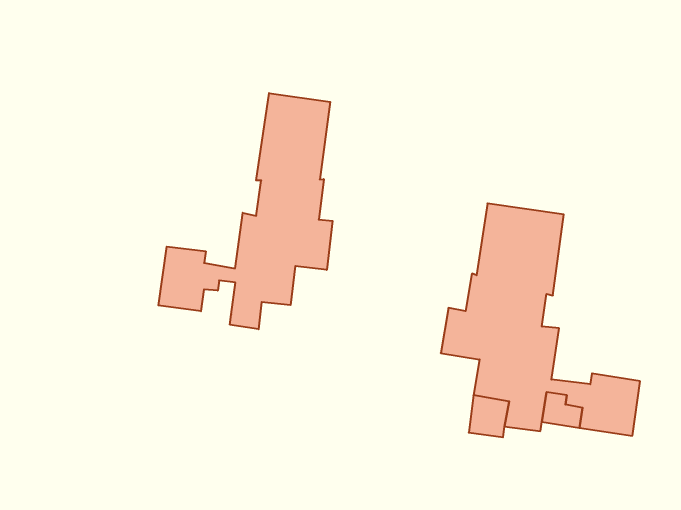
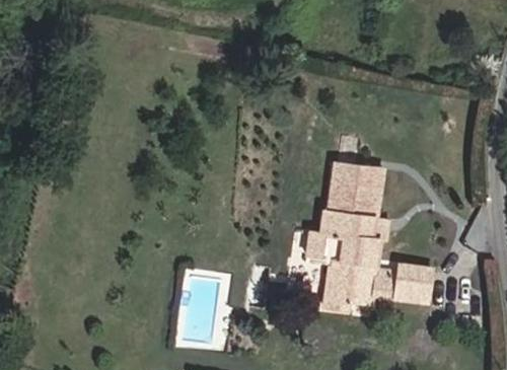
building: [158,93,333,329] -> none

